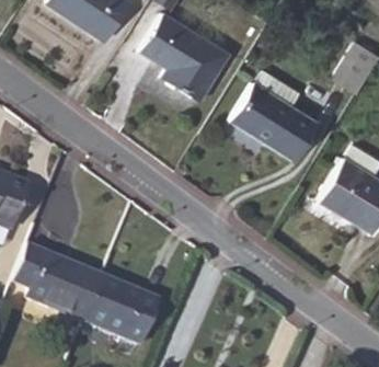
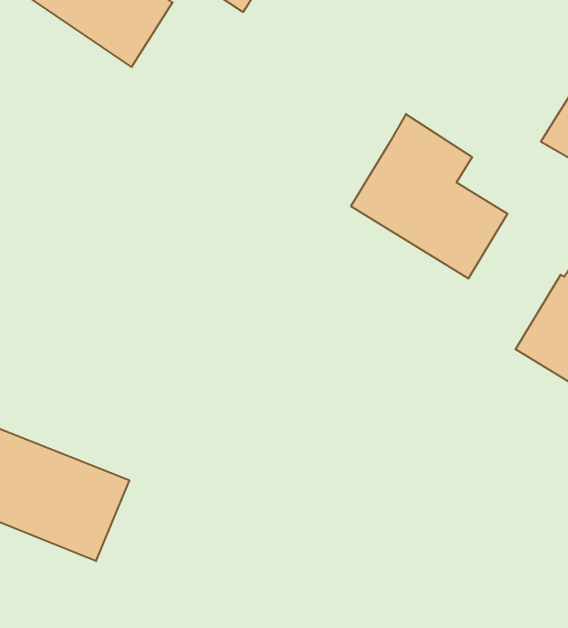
building: [140,16,228,102] -> none
building: [87,274,159,335] -> none

